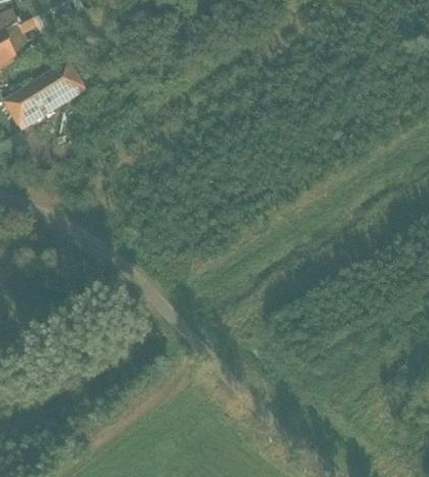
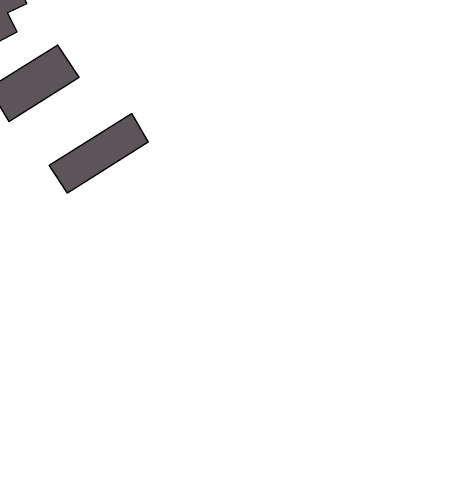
building: none -> [49,114,148,193]

